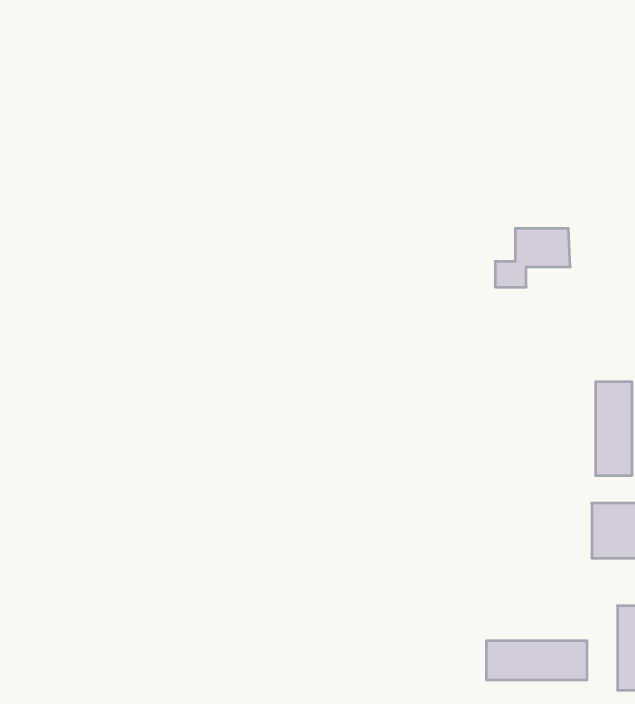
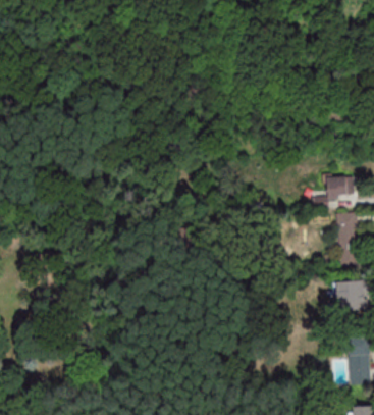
building: [495,228,570,287] -> [311,176,353,209]
building: [487,641,587,680] -> none

